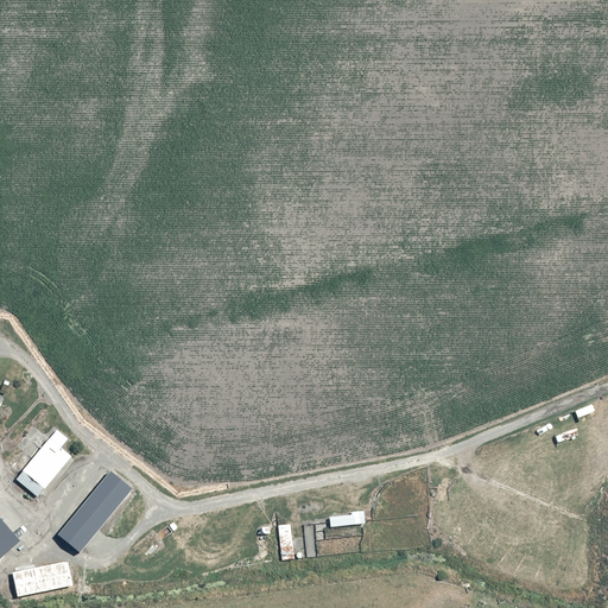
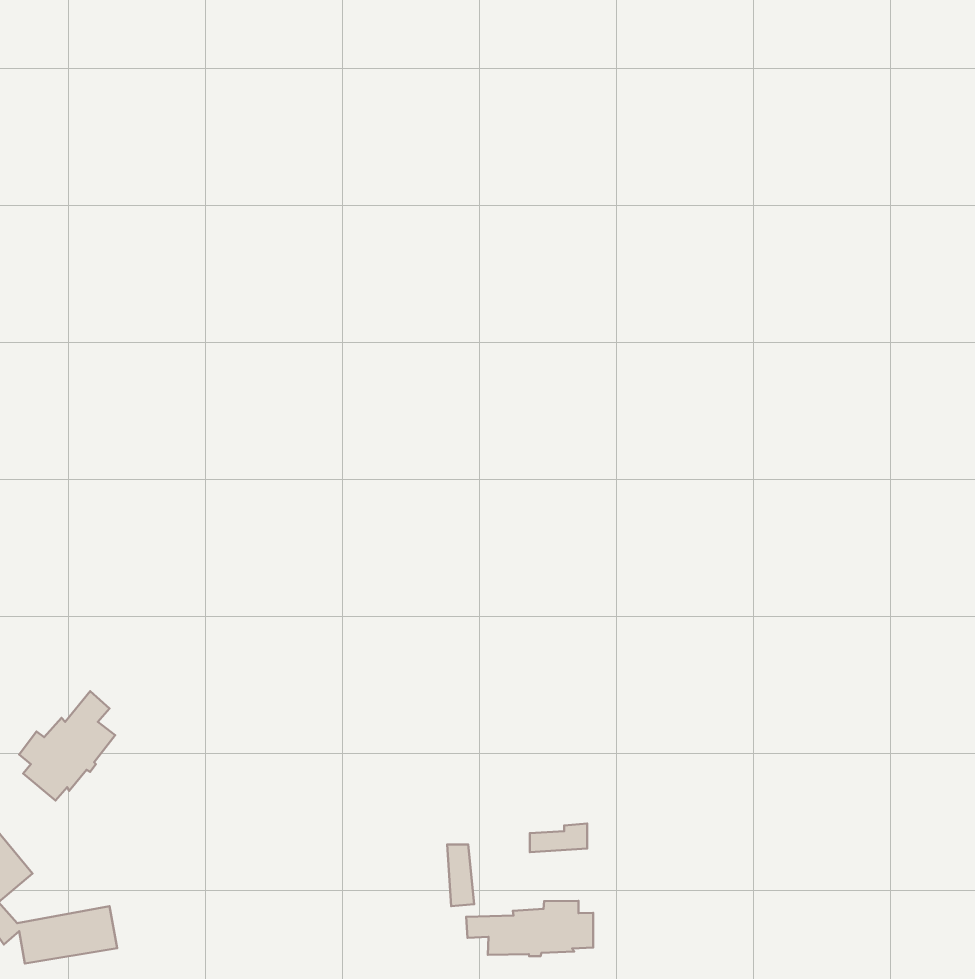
building: [56,469,133,553] -> none
building: none -> [466,901,593,956]

